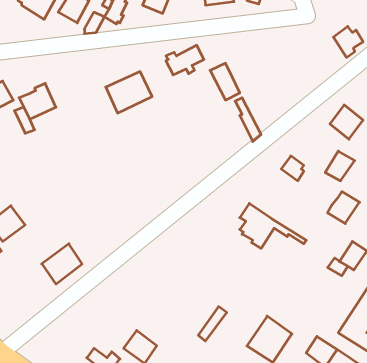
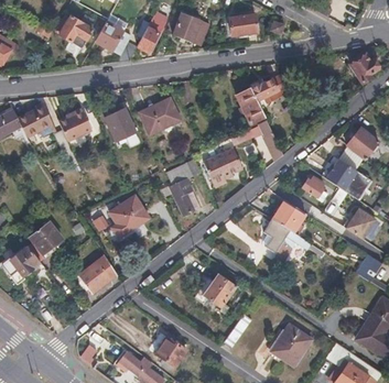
building: [166,45,204,75] -> [250,75,285,102]
building: none -> [106,109,136,141]
building: none -> [205,147,244,187]
building: none -> [324,158,355,190]
building: none -> [168,162,195,216]
building: none -> [109,195,150,238]
building: none -> [272,200,305,233]
building: none -> [194,274,237,309]

